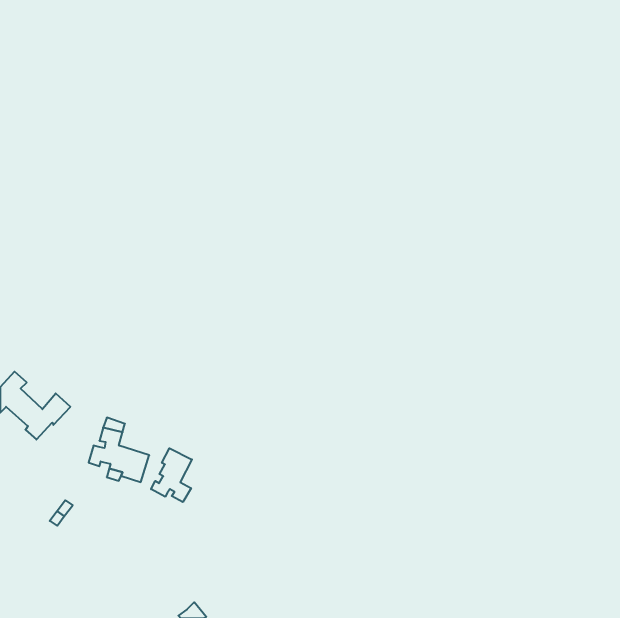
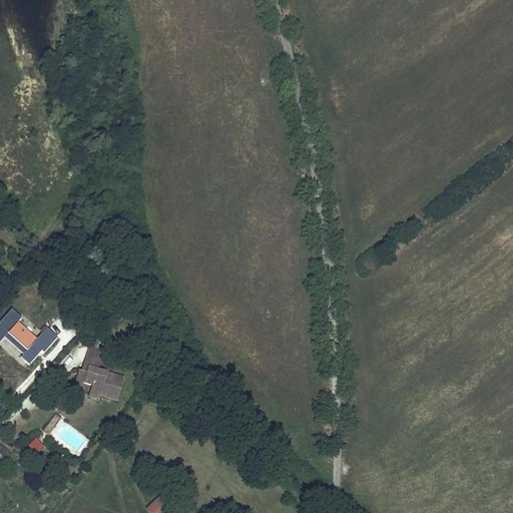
building: [151,448,192,502] -> none

